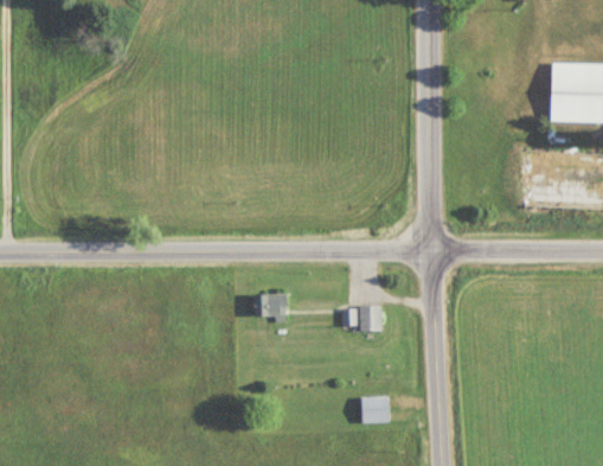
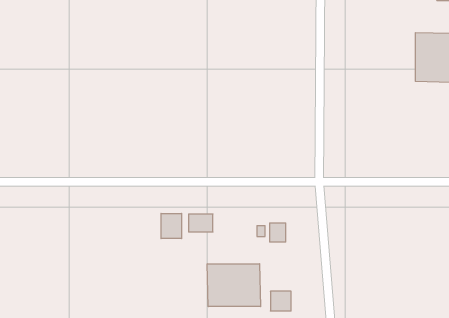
building: none -> [161,213,182,239]
building: none -> [207,264,261,307]

